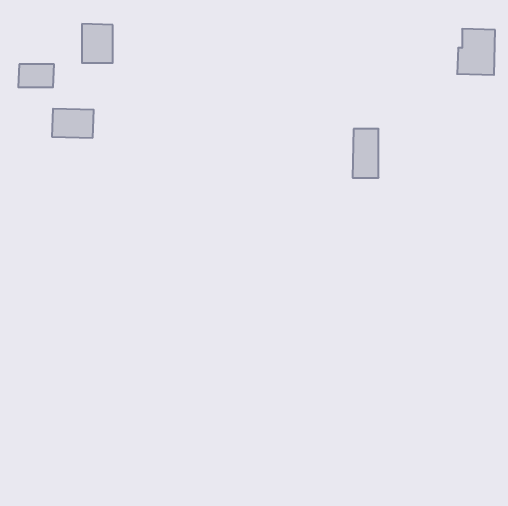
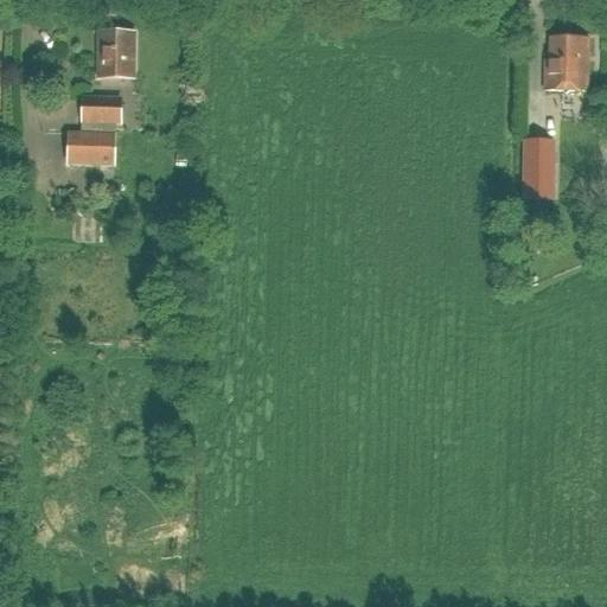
building: [18,64,54,87] -> [78,95,121,122]
building: [353,129,379,178] -> [519,138,550,196]

